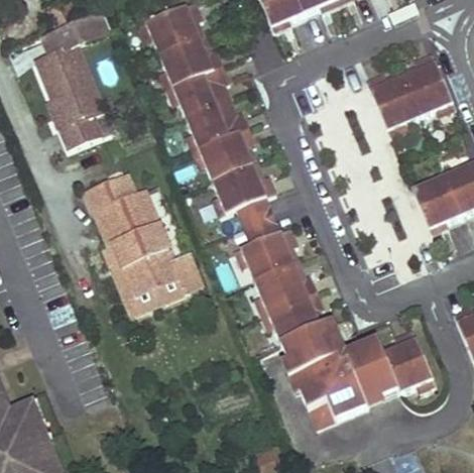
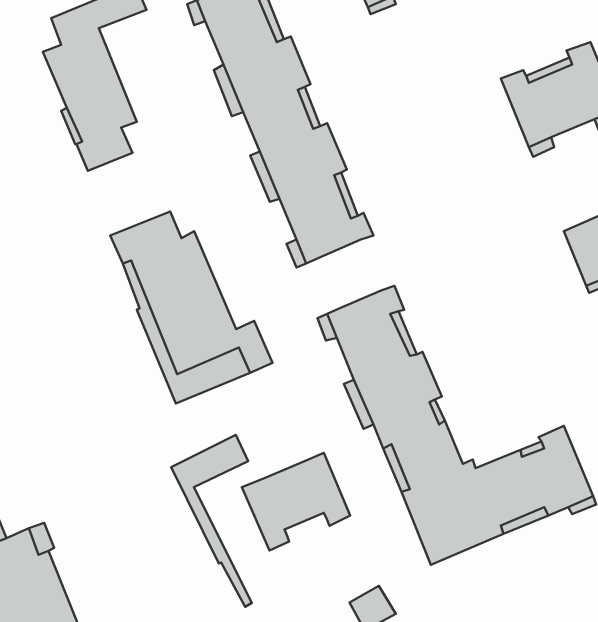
building: [235,195,280,244] -> none
building: none -> [171,435,252,607]
building: none -> [242,453,350,551]

